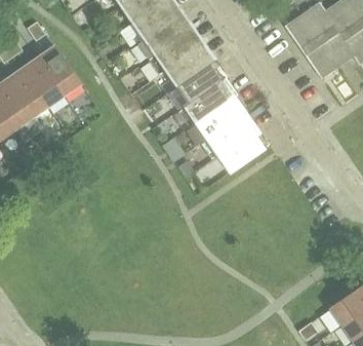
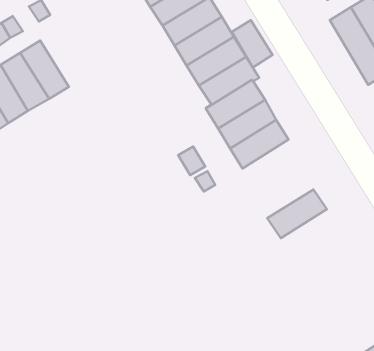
building: none -> [232,20,272,67]
building: [39,45,82,94] -> none
building: [217,129,268,172] -> [267,189,327,238]

